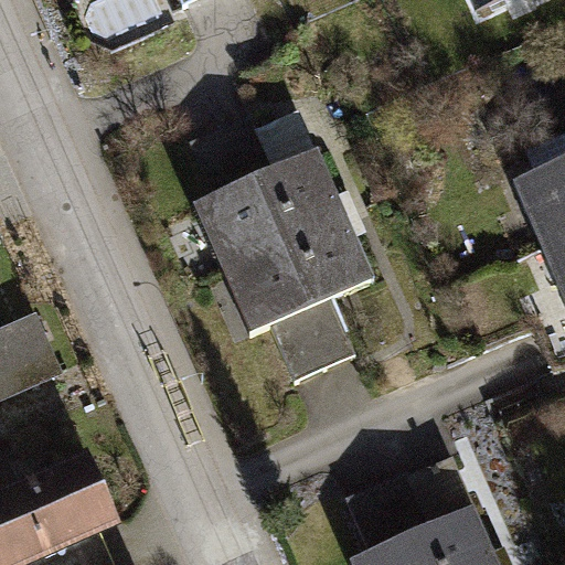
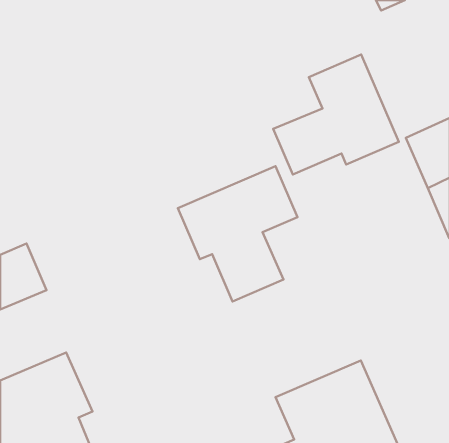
building: none -> [273,55,399,175]
building: [190,111,347,269] -> none

